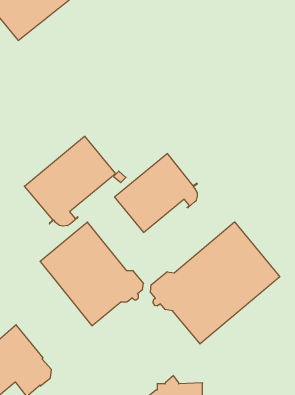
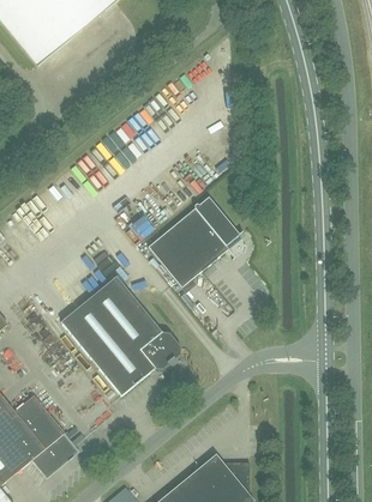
building: [24,136,116,226] -> none
building: [150,222,280,344] -> none

